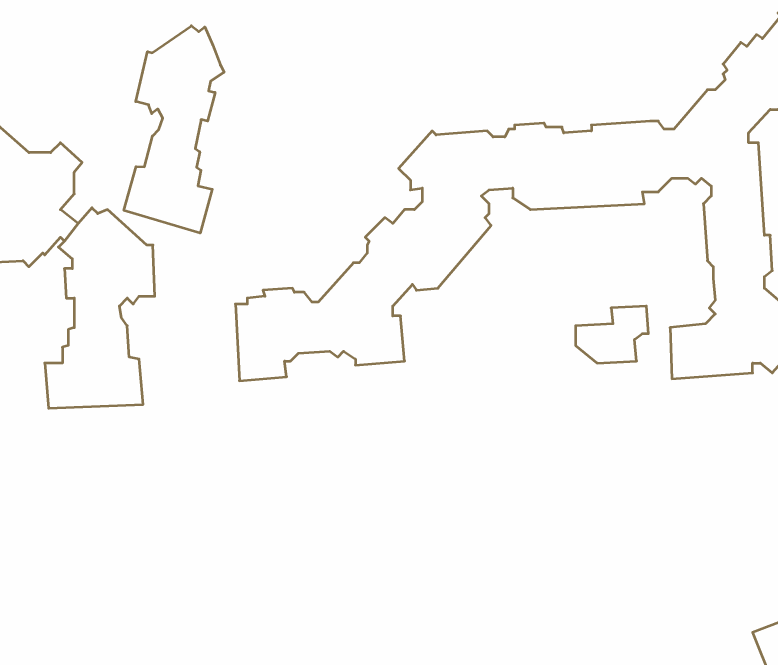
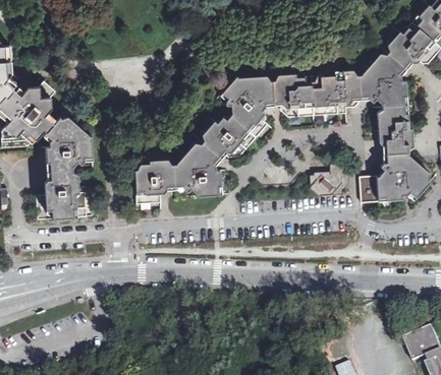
building: [124,26,224,233] -> none

